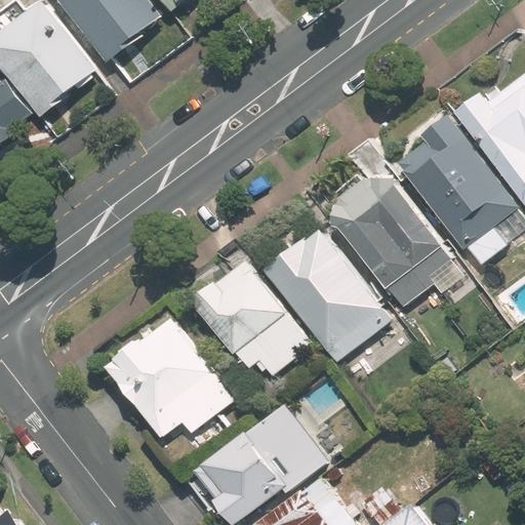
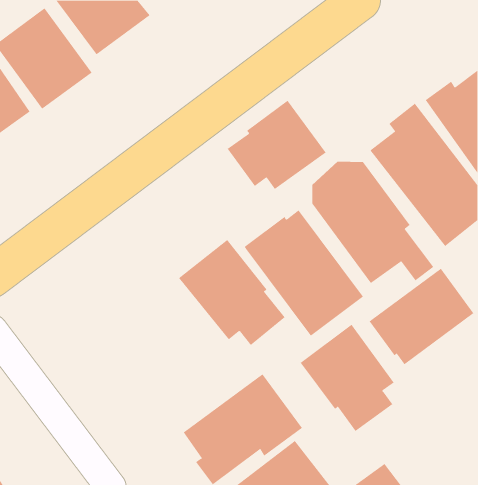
building: none -> [227,100,327,190]
building: none -> [369,268,474,365]
building: [100,314,231,439] -> none
building: none -> [300,324,394,432]

